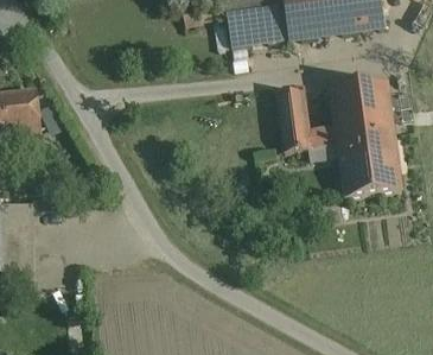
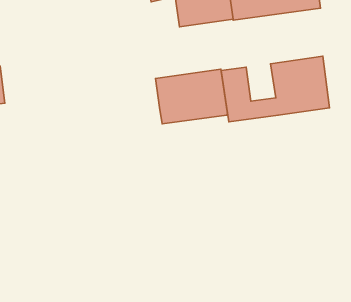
building: none -> [156,69,227,124]
building: [336,132,400,194] -> none

